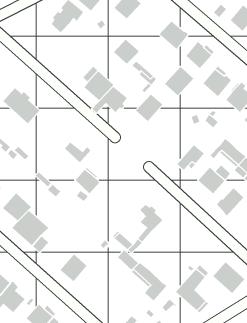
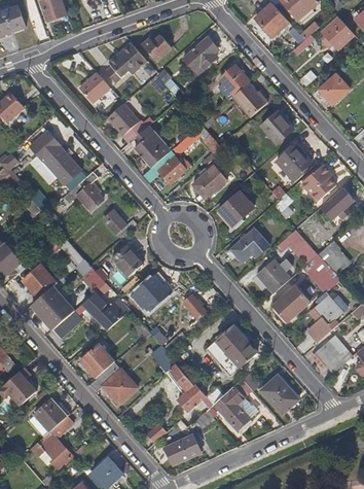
building: none -> [80,71,111,102]
building: [113,39,139,65] -> [219,64,250,95]
building: none -> [107,102,140,135]
building: [164,66,194,96] -> [218,190,254,225]
building: none -> [64,171,103,204]
building: none -> [137,276,169,309]
building: none -> [84,286,124,329]
building: none -> [206,325,257,377]
building: none -> [90,362,138,404]

